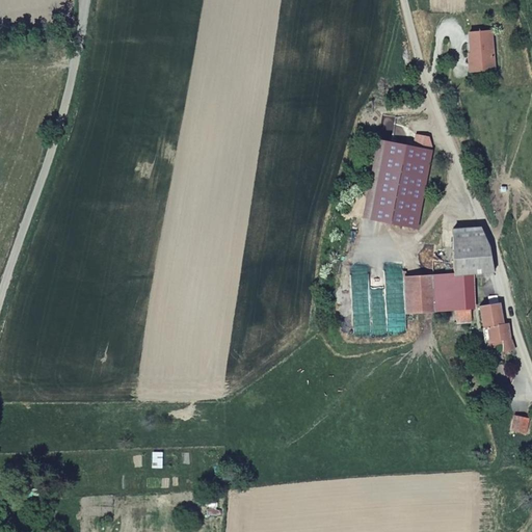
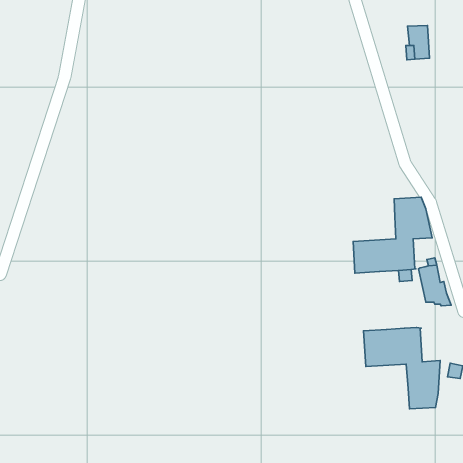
building: [371,135,433,228] -> none
building: none -> [363,328,440,409]

